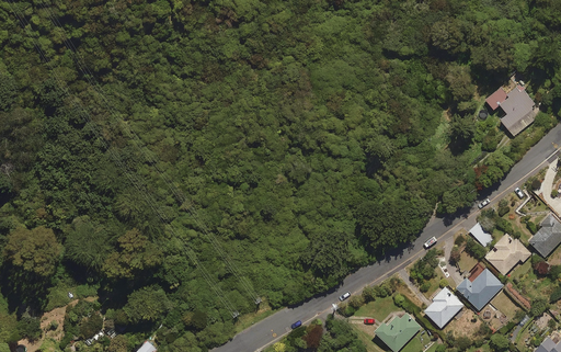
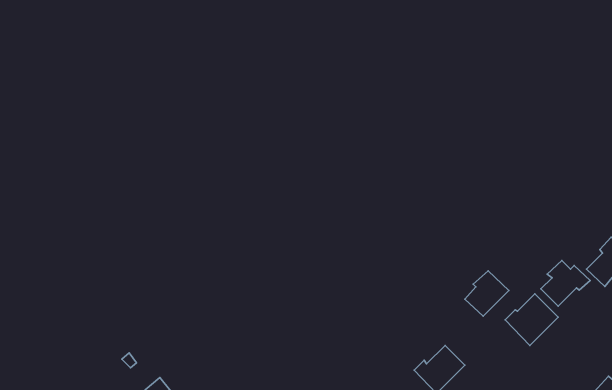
building: [485,86,536,136] -> none
building: [424,287,463,328] -> [465,271,509,316]

